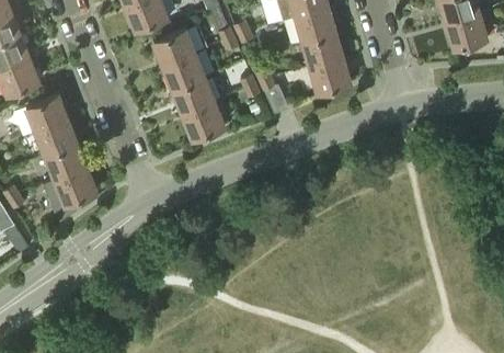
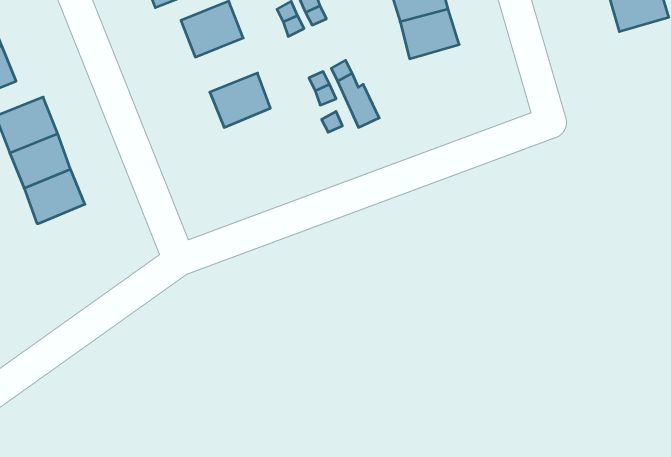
building: [163,54,206,91] -> none
building: [310,58,352,94] -> none
building: [183,102,225,140] -> none
building: [43,168,98,221] -> none

